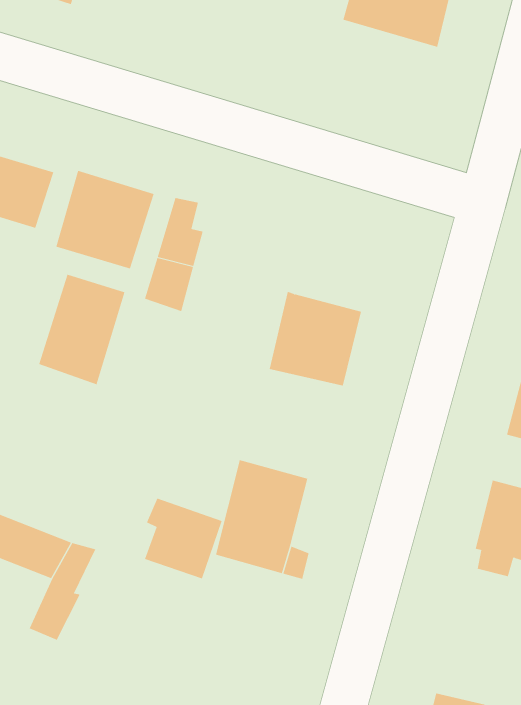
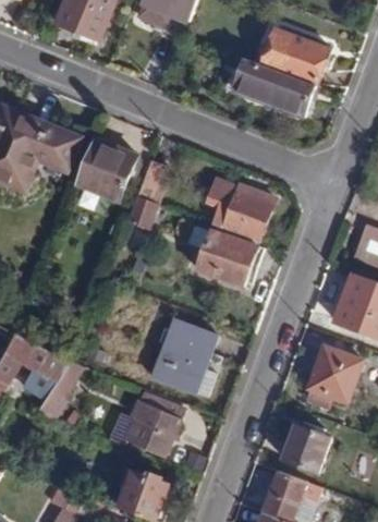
building: none -> [231,57,315,116]
building: none -> [209,182,270,239]
building: [38,274,125,385] -> none
building: [144,498,223,579] -> [129,402,178,453]
building: none -> [284,425,328,470]

